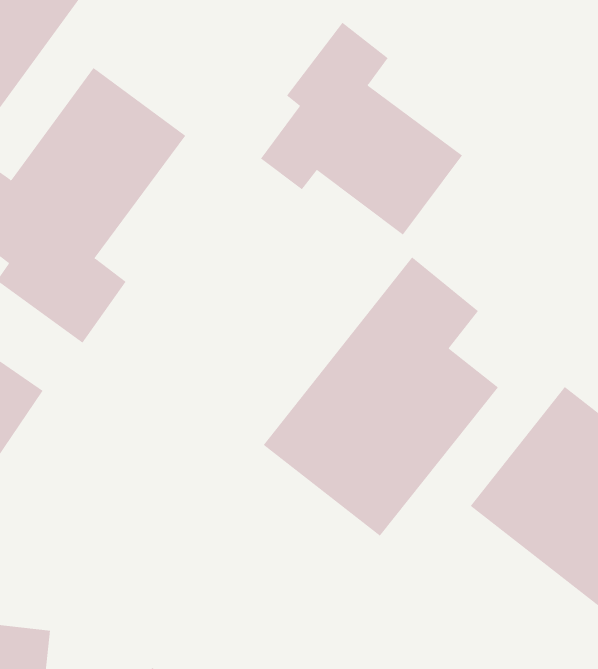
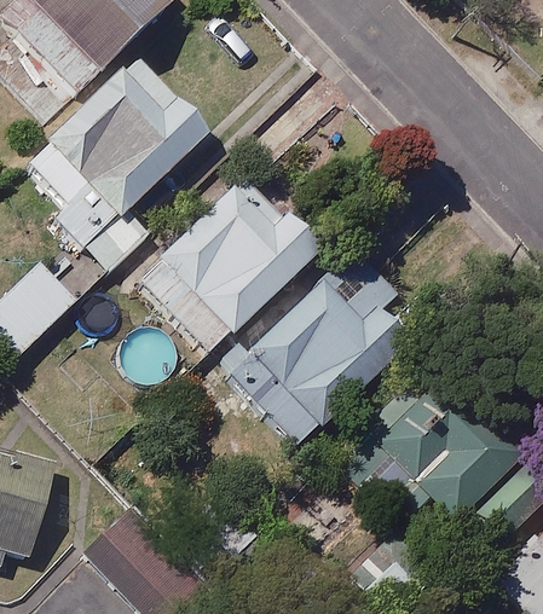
building: [260,22,463,235] -> none
building: none -> [139,179,314,353]

